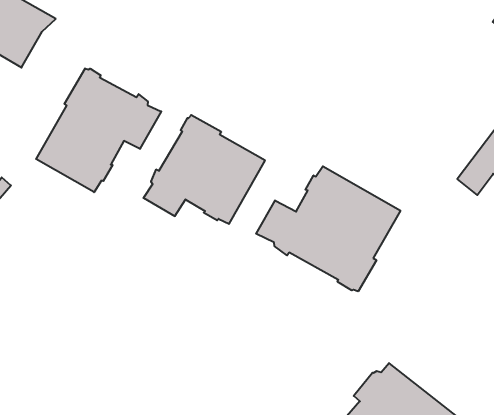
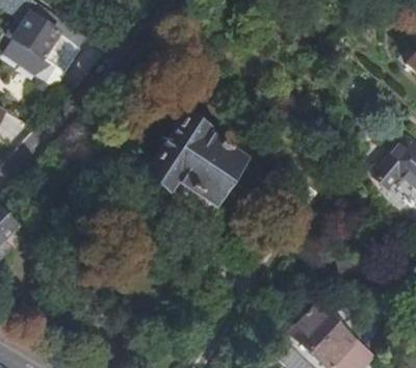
building: [36,68,161,192] -> none
building: [256,166,400,291] -> none

